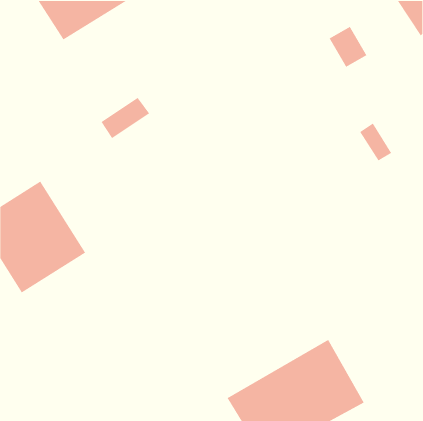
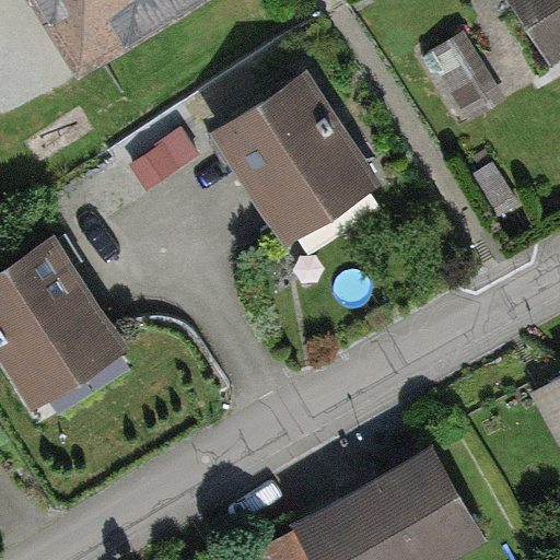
building: none -> [221,79,365,225]

